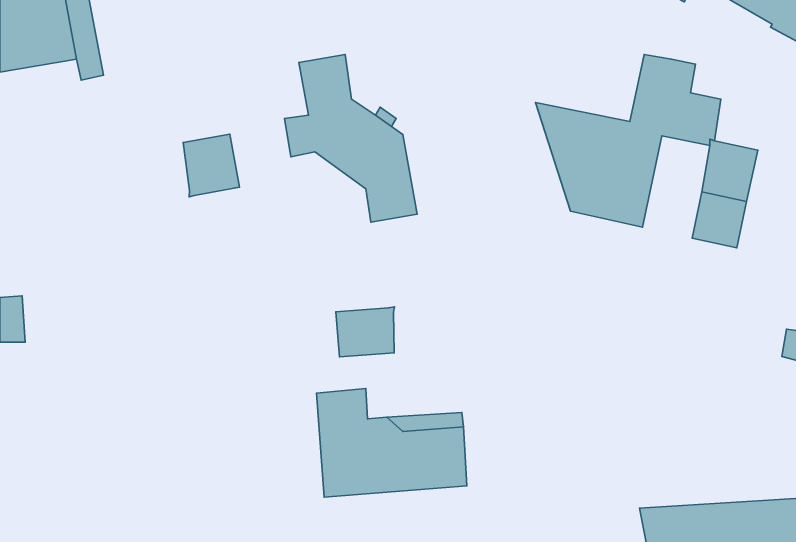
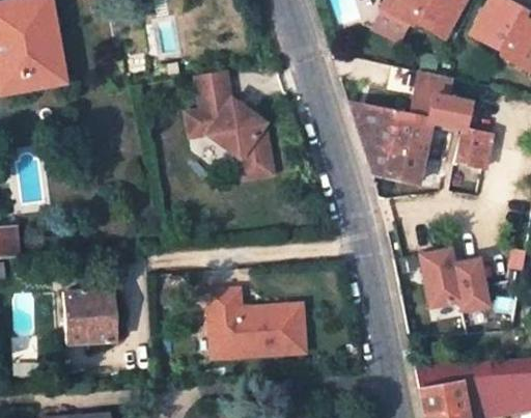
building: [183,134,239,197] -> none
building: [336,307,395,357] -> none
building: none -> [420,246,492,312]
building: none -> [63,288,115,346]

